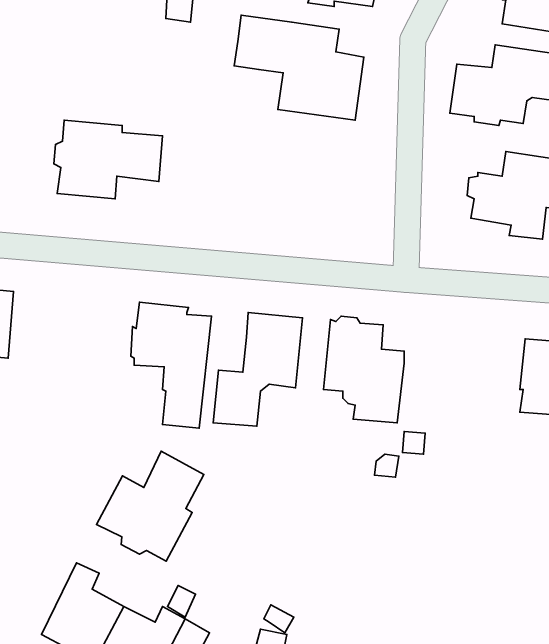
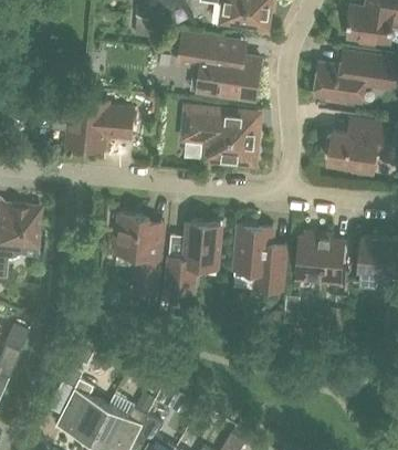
building: none -> [182,107,259,165]
building: none -> [295,233,344,283]
building: [97,451,204,561] -> none

